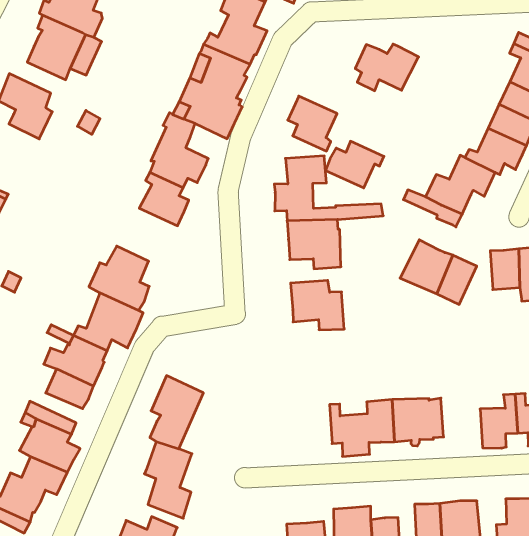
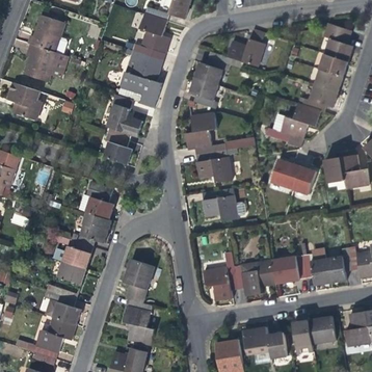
building: [325,141,384,188] -> [193,57,229,85]
building: none -> [301,248,330,286]
building: none -> [203,266,237,301]

